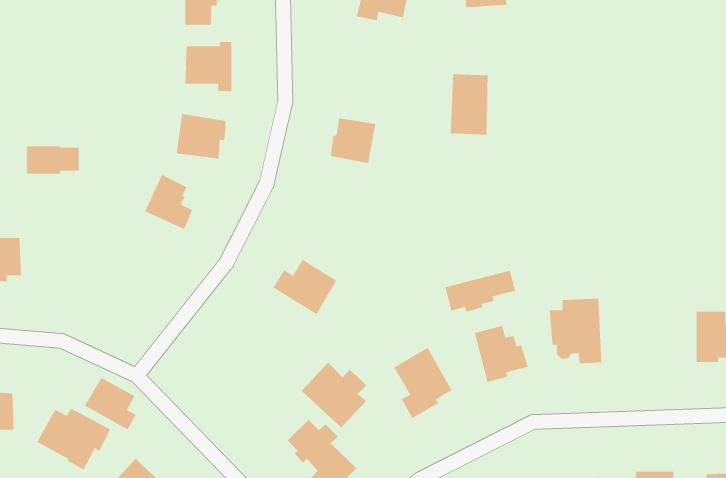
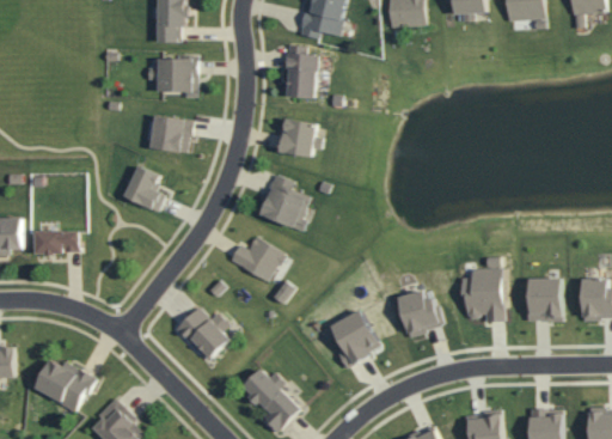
building: [450,73,489,135] -> [284,50,317,102]
building: [26,146,79,174] -> [32,230,76,254]
building: none -> [258,173,307,231]
building: [444,270,516,312] -> none
building: none -> [525,279,559,321]
building: [301,362,367,428] -> [175,307,230,362]
building: [84,377,137,431] -> none

